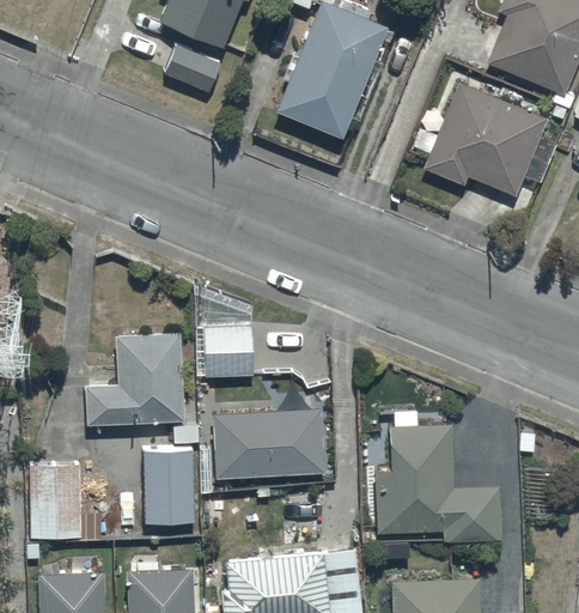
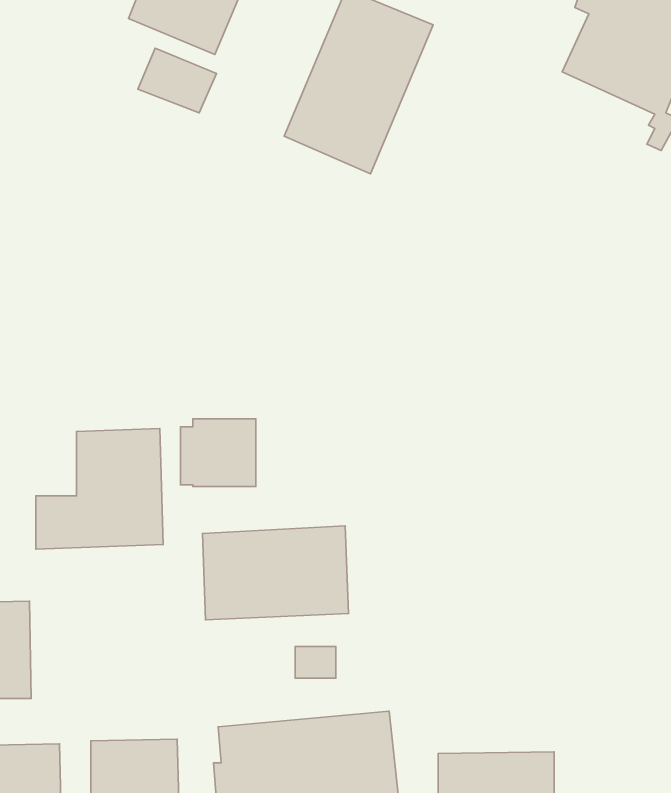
building: [423,83,557,195] -> none
building: [377,417,501,541] -> none
building: [142,450,195,522] -> none

